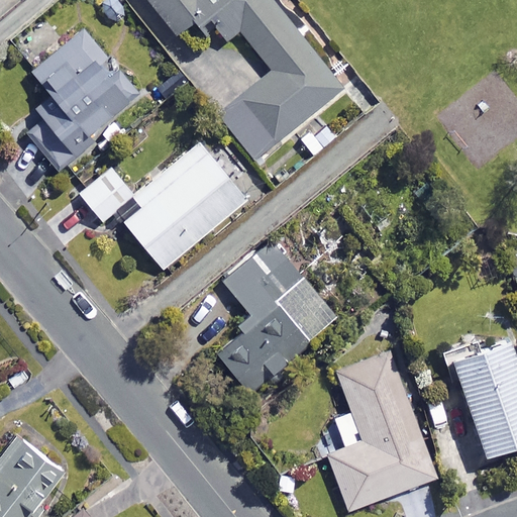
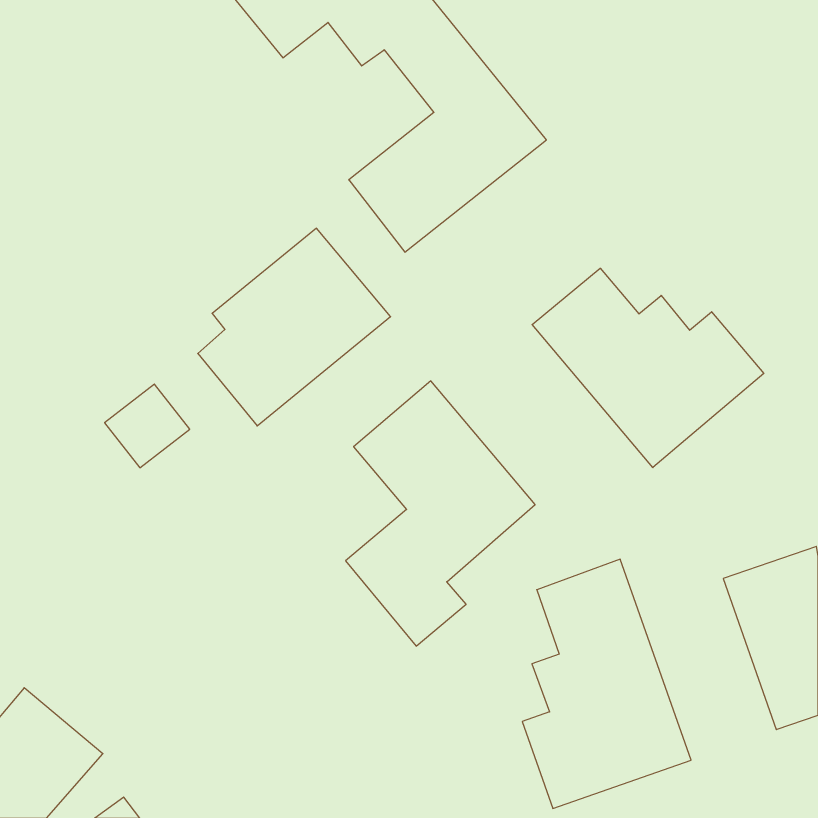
building: [27,28,139,169] -> none
building: [80,168,133,220] -> [105,384,190,468]
building: none -> [532,268,764,468]

